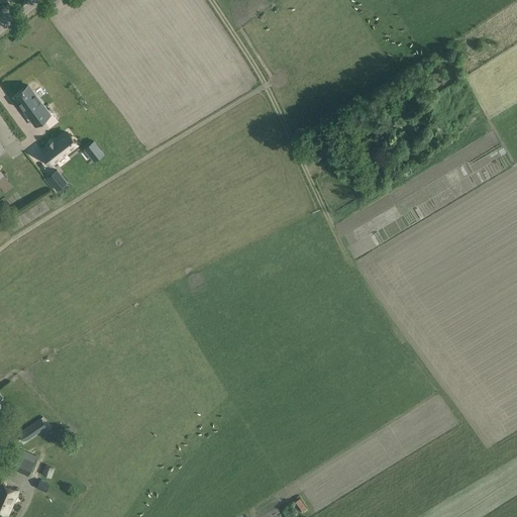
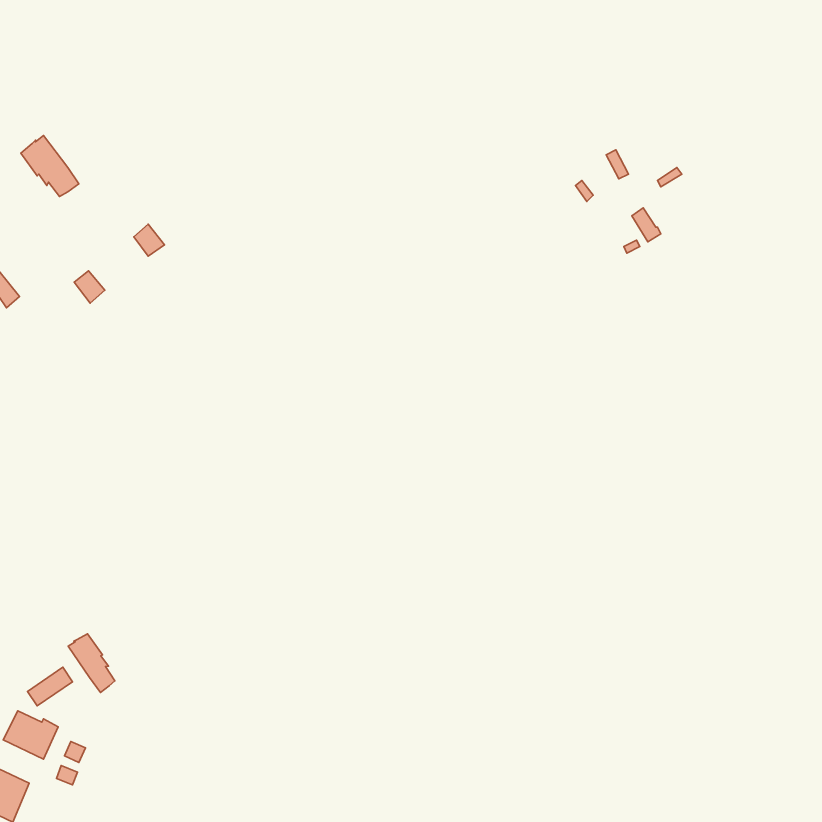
building: [41,133,76,165] -> none
building: none -> [68,634,115,692]

